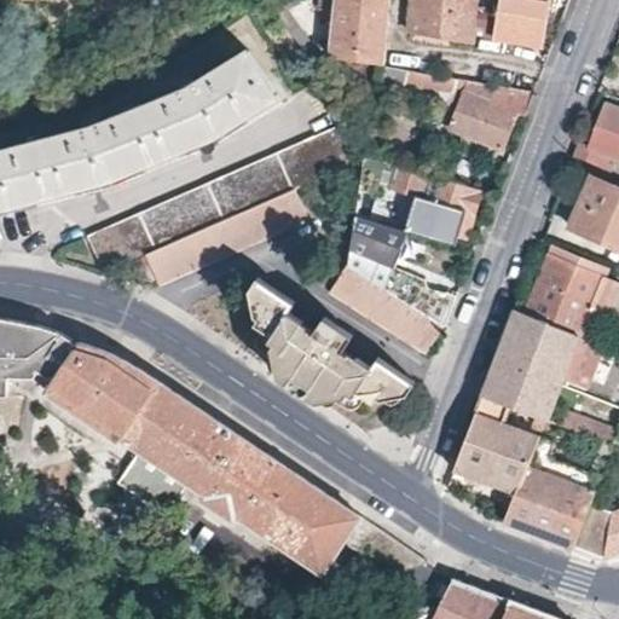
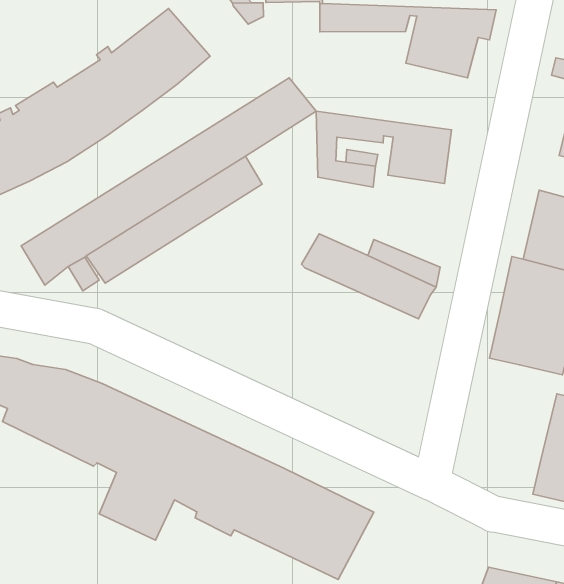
building: [348,218,406,290] -> none
building: [238,280,413,412] -> none
building: [452,398,536,494] -> none

